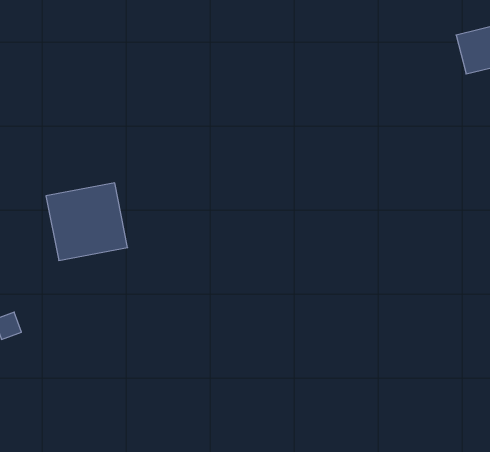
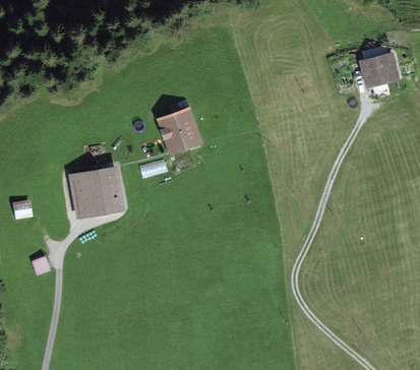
building: none -> [156,106,202,155]

